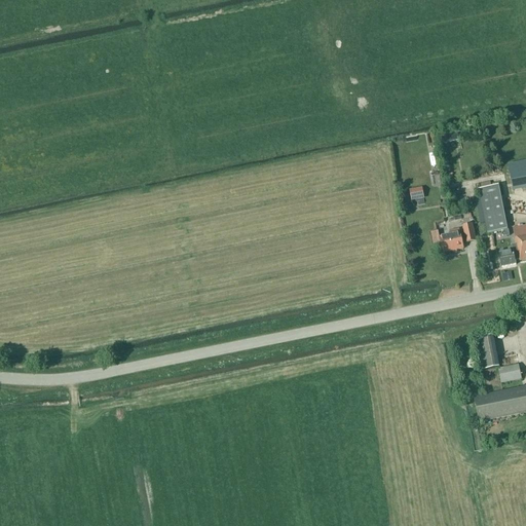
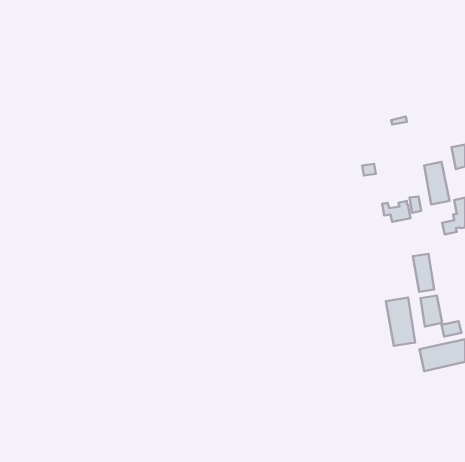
building: none -> [413,254,434,292]
building: none -> [386,297,415,346]

